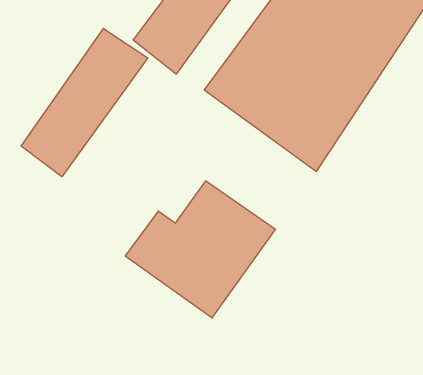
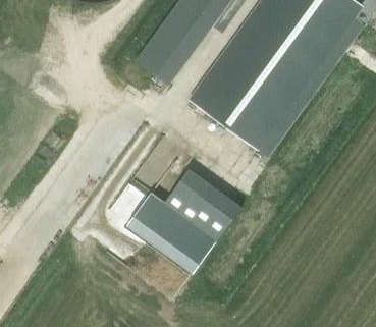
building: [21,28,148,177] -> none

